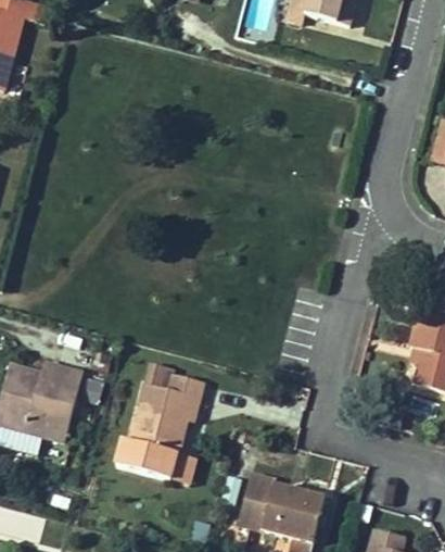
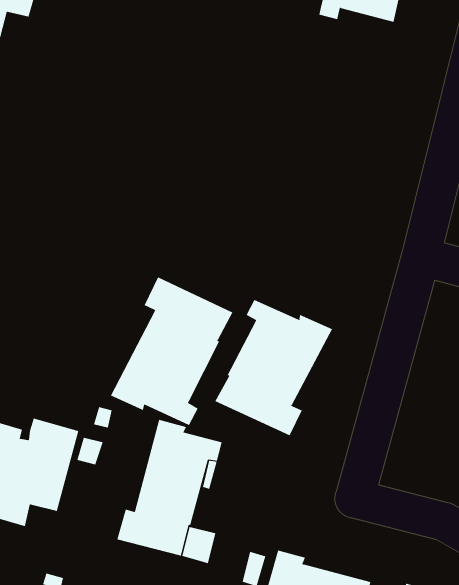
building: none -> [110,277,233,426]
building: none -> [215,299,333,436]

